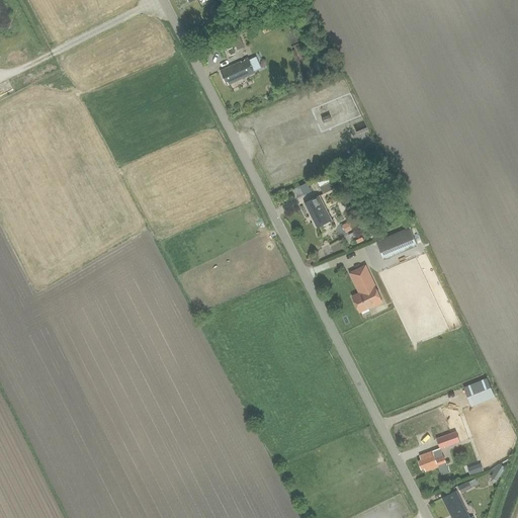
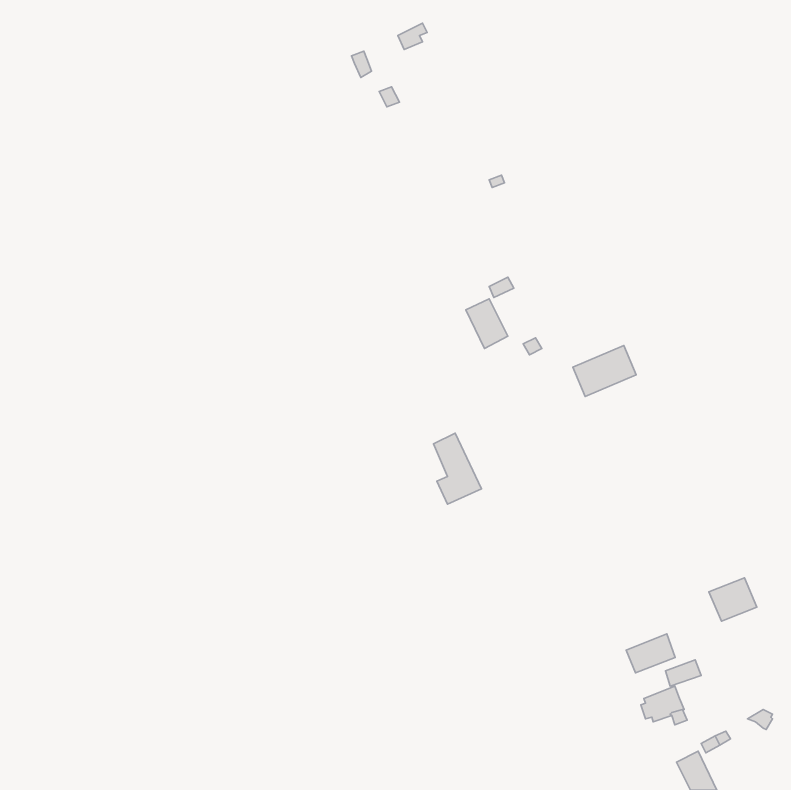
building: [222,60,252,83] -> none
building: [350,265,381,312] -> [434,433,482,504]
building: none -> [626,634,675,673]

